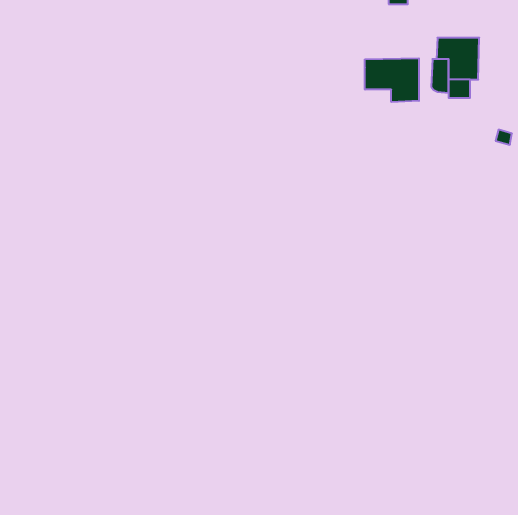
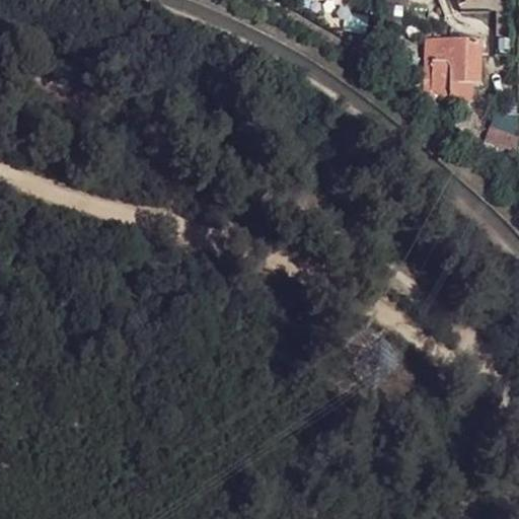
building: [365,58,419,102] -> none

